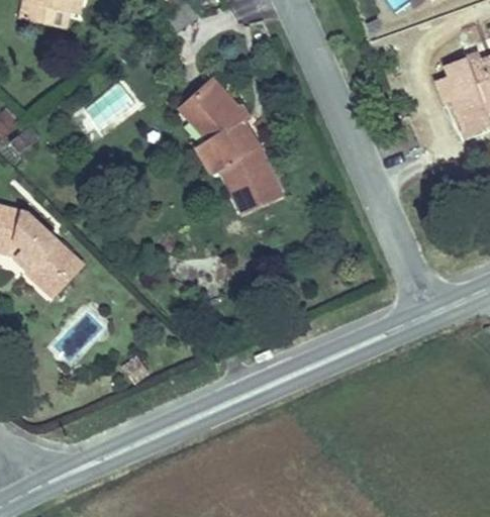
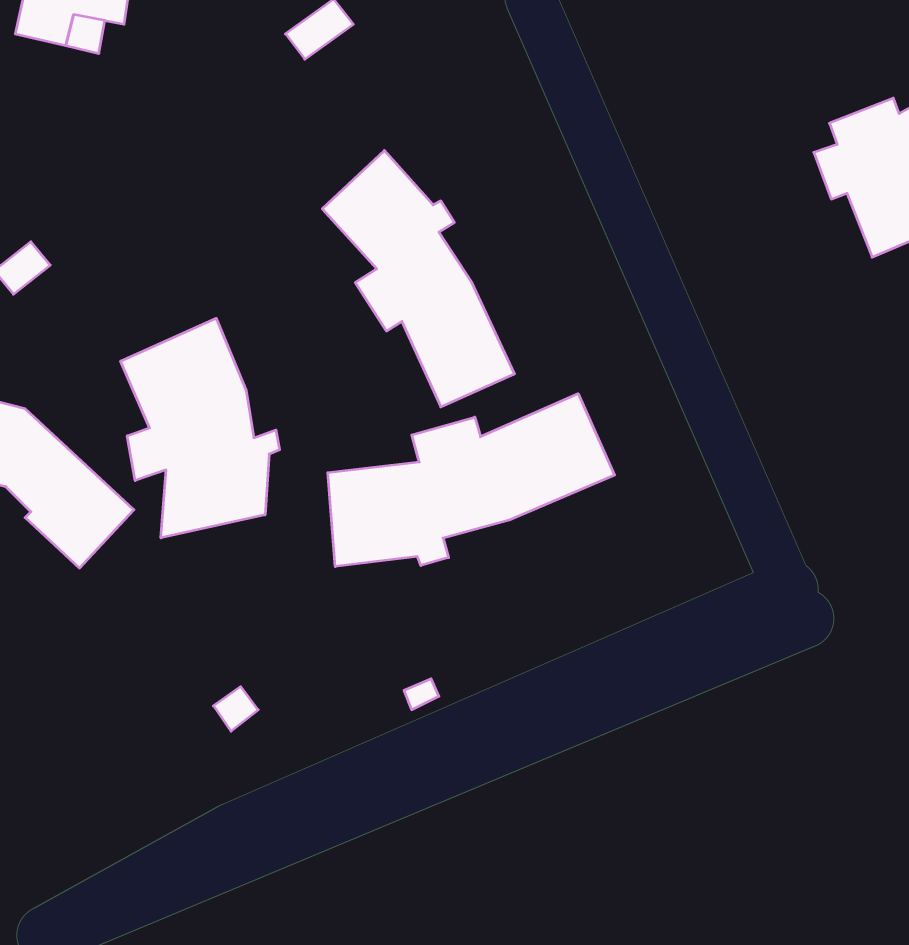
building: none -> [121,318,280,538]
building: none -> [328,394,615,567]

